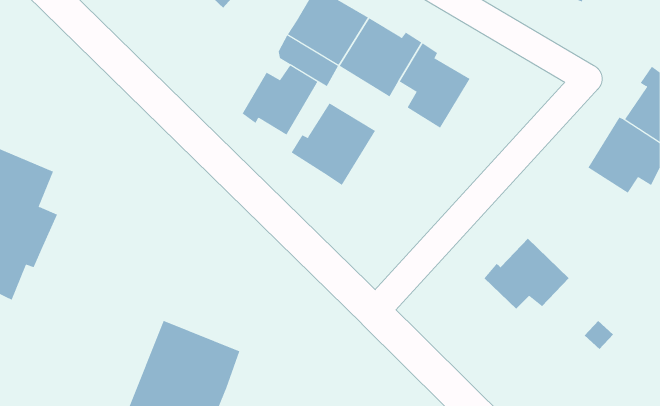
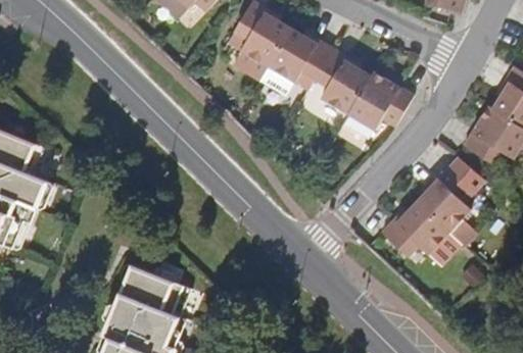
building: [242,65,318,136] -> none
building: none -> [347,71,414,131]
building: [291,102,376,186] -> none
building: none -> [416,156,484,246]

